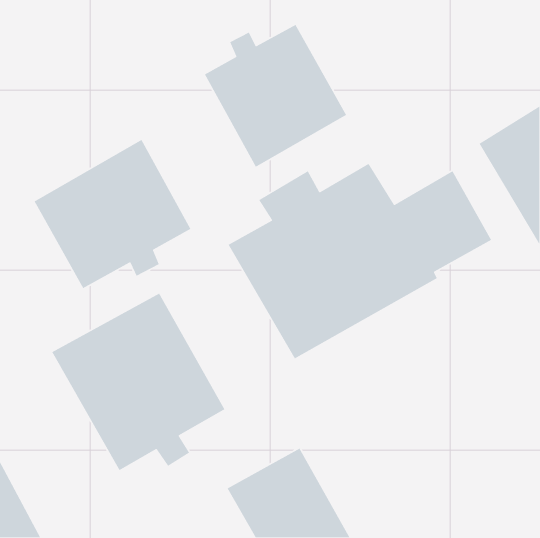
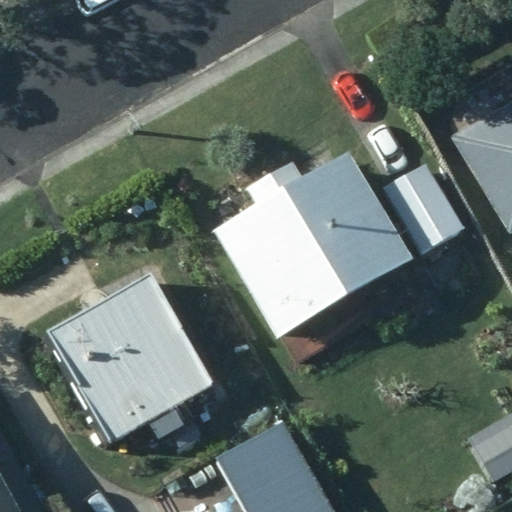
building: [204,24,347,168] -> none
building: [33,139,192,289] -> none

